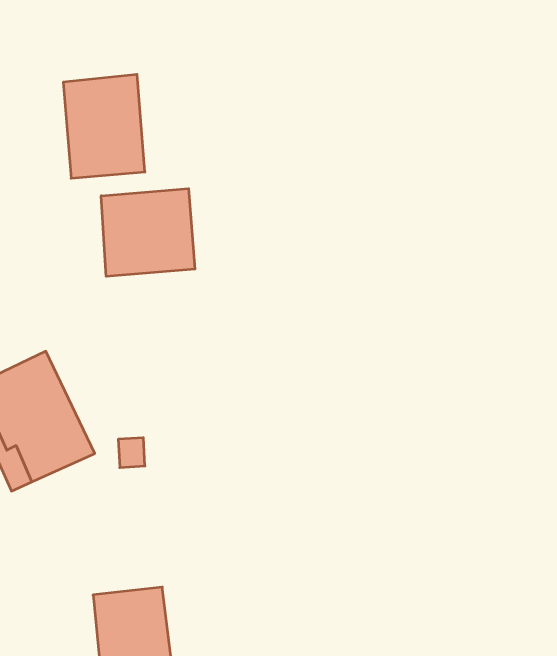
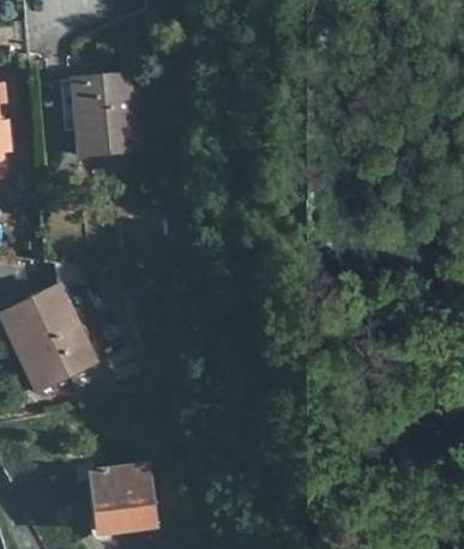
building: [101,189,195,276] -> none

